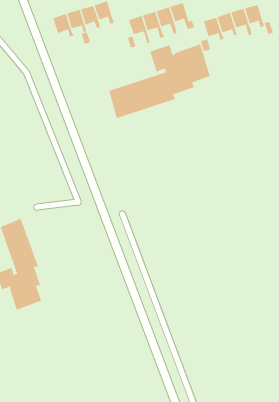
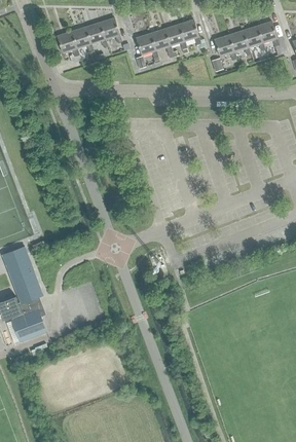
building: [109,43,211,119] -> none

